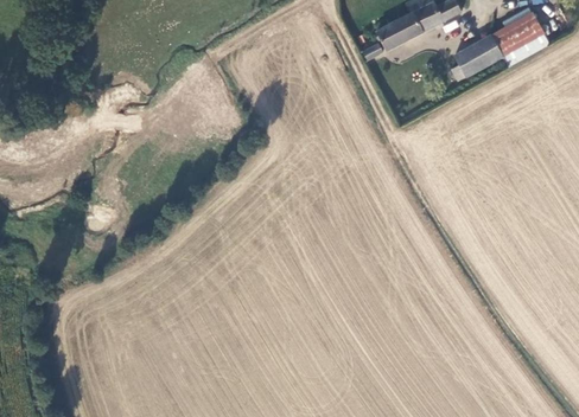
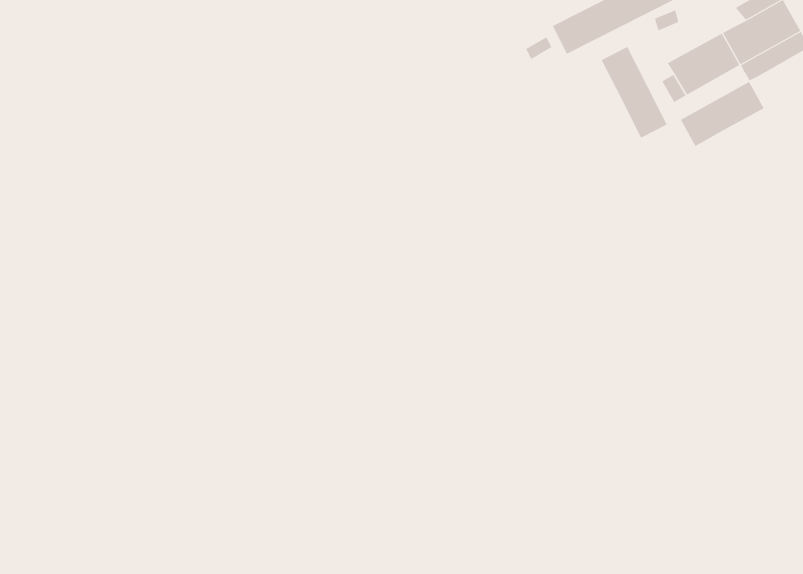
building: none -> [601,46,668,139]
building: none -> [680,81,764,147]

